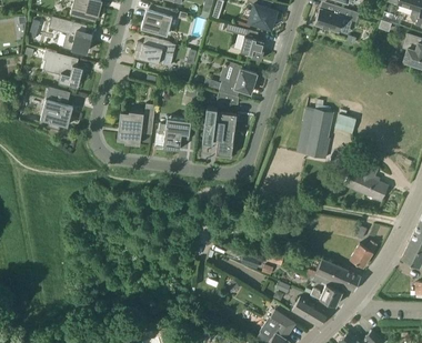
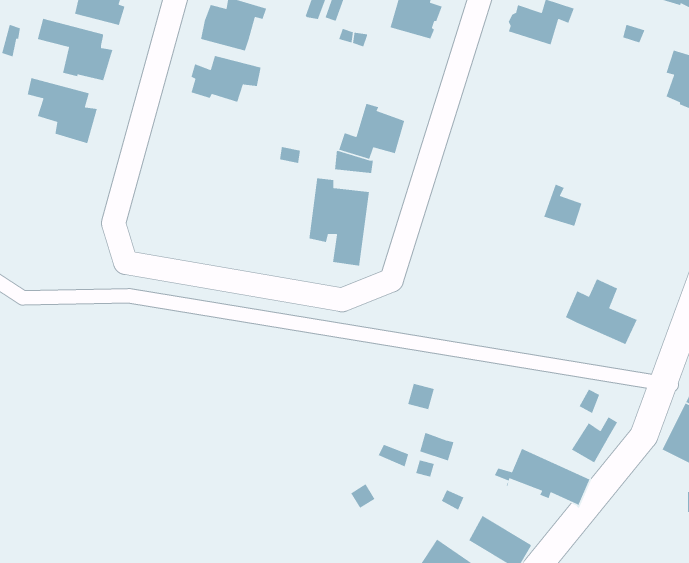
building: [240,29,264,61] -> none
building: [41,87,72,130] -> none
building: [118,103,155,145] -> none
building: [297,108,332,159] -> none
building: [159,118,191,150] -> none
building: [304,276,342,306] -> none

